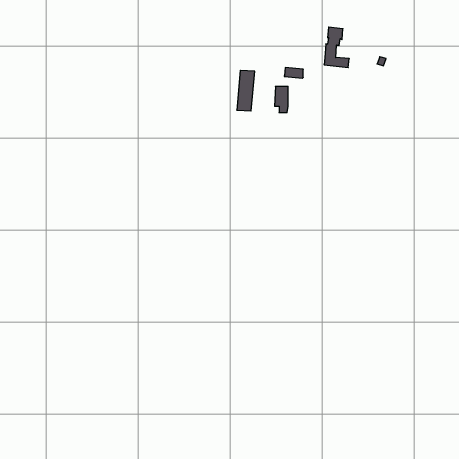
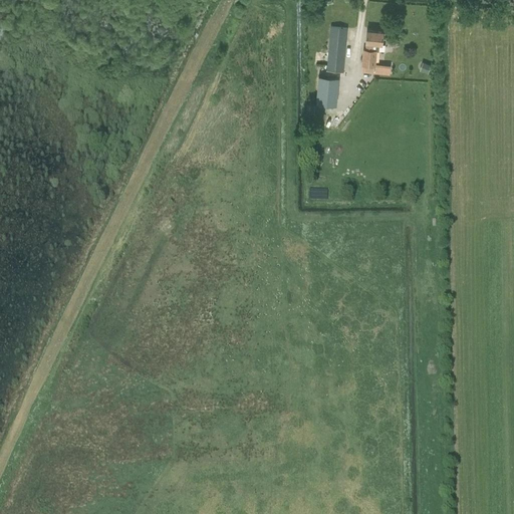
building: [237,70,255,111] -> [327,28,347,73]

